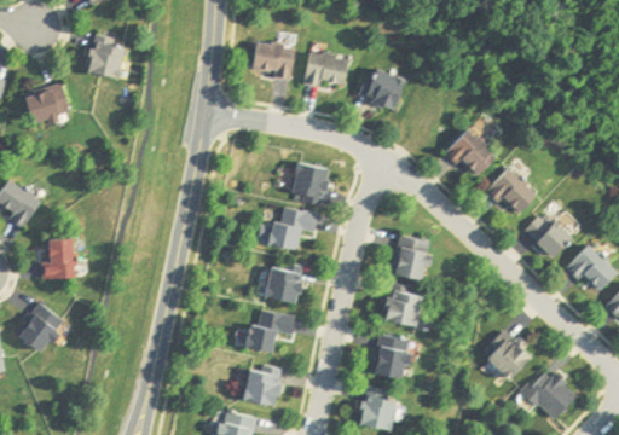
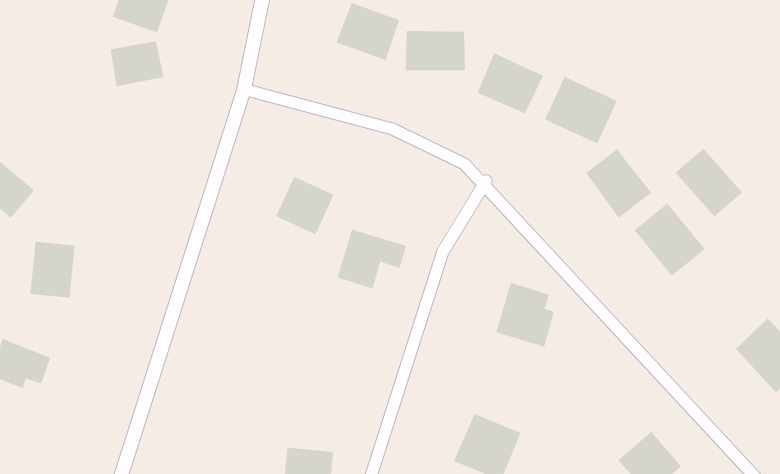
building: none -> [544,76,618,144]
building: [27,87,69,124] -> [110,41,164,87]
building: [289,162,331,204] -> [275,176,335,235]
building: [523,209,575,260] -> [675,147,743,217]
building: [264,266,303,303] -> none
building: [382,283,426,327] -> none
building: [250,309,294,353] -> none

